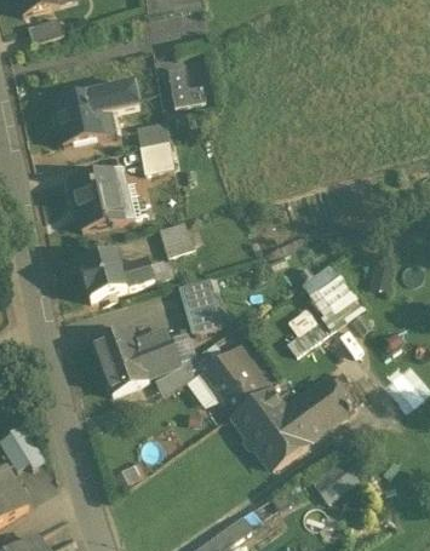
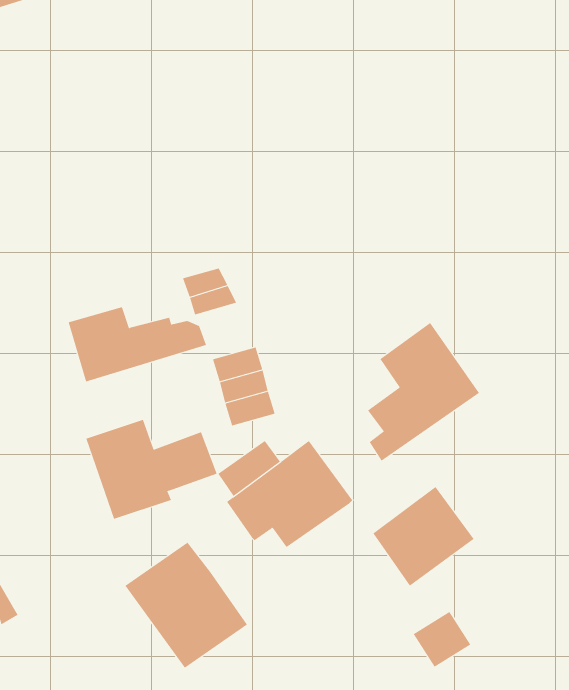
building: [165,68,202,108] -> none
building: [48,79,145,144] -> none
building: [136,122,174,174] -> none
building: [73,171,132,233] -> none
building: [229,385,314,472] -> [125,542,248,668]

